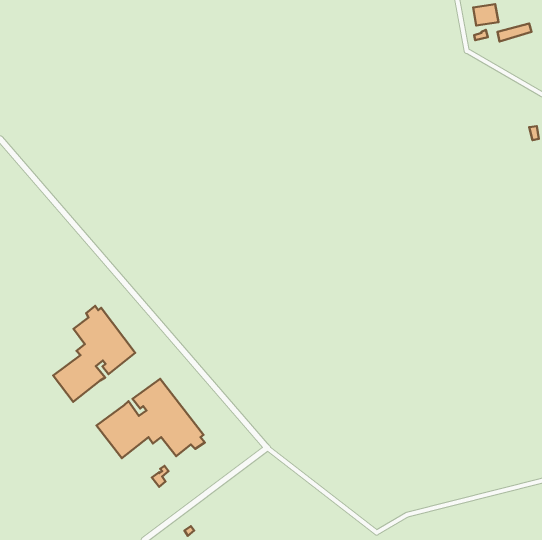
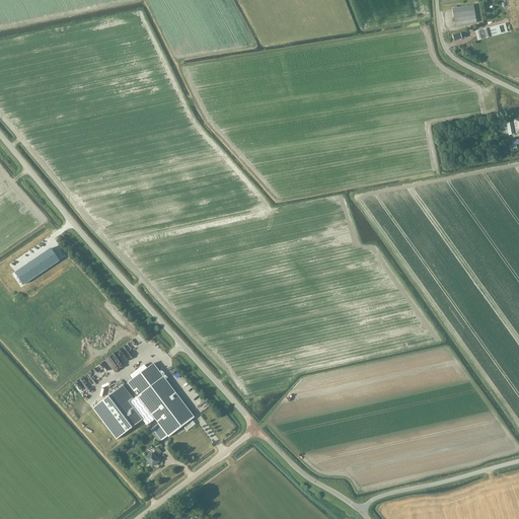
building: none -> [14,246,59,283]
building: [53,306,135,402] -> none

